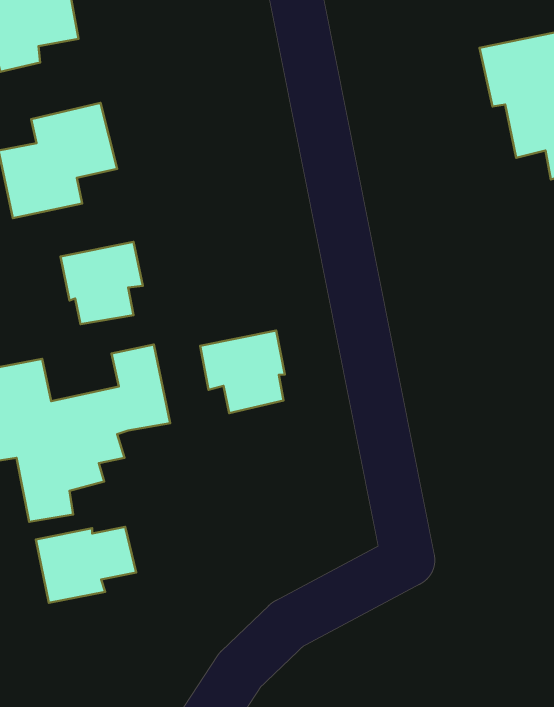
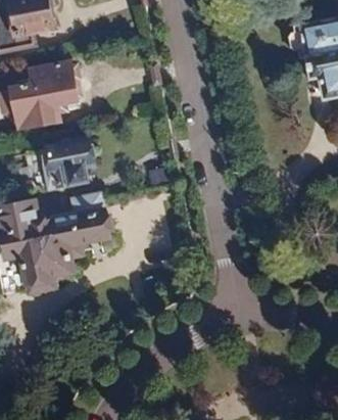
building: [200,330,285,413] -> none
building: [36,527,136,603] -> none

